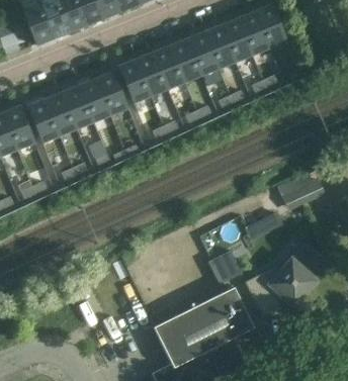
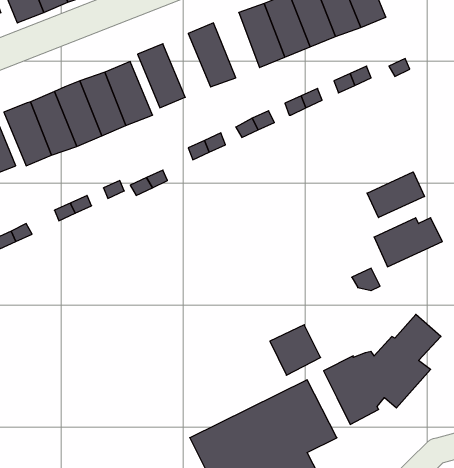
building: [169,38,200,83] -> none
building: [135,53,167,96] -> none
building: none -> [367,172,424,218]

